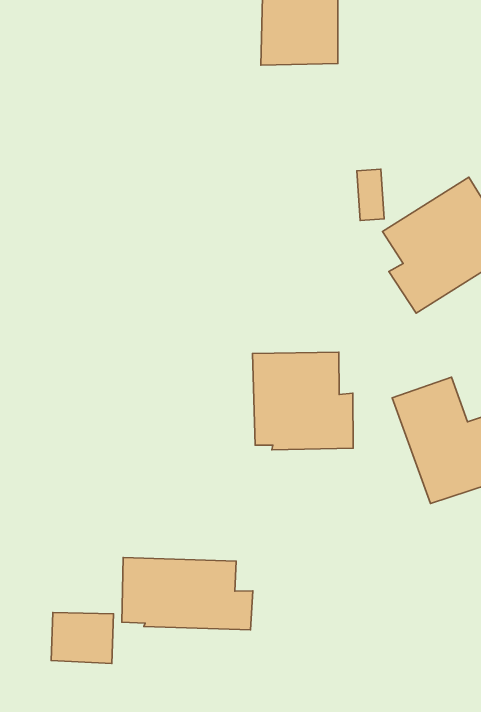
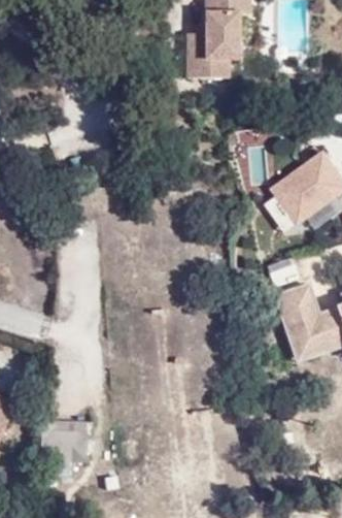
building: [253,352,353,450] -> none
building: [122,557,253,630] -> none

